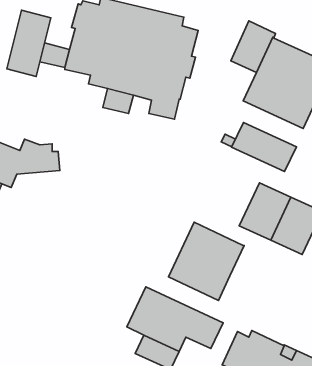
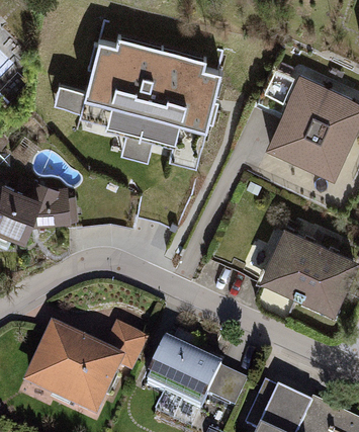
building: [7,10,51,76] -> none
building: [232,123,296,172] -> none
building: [168,222,244,300] -> none
building: none -> [30,327,145,414]

